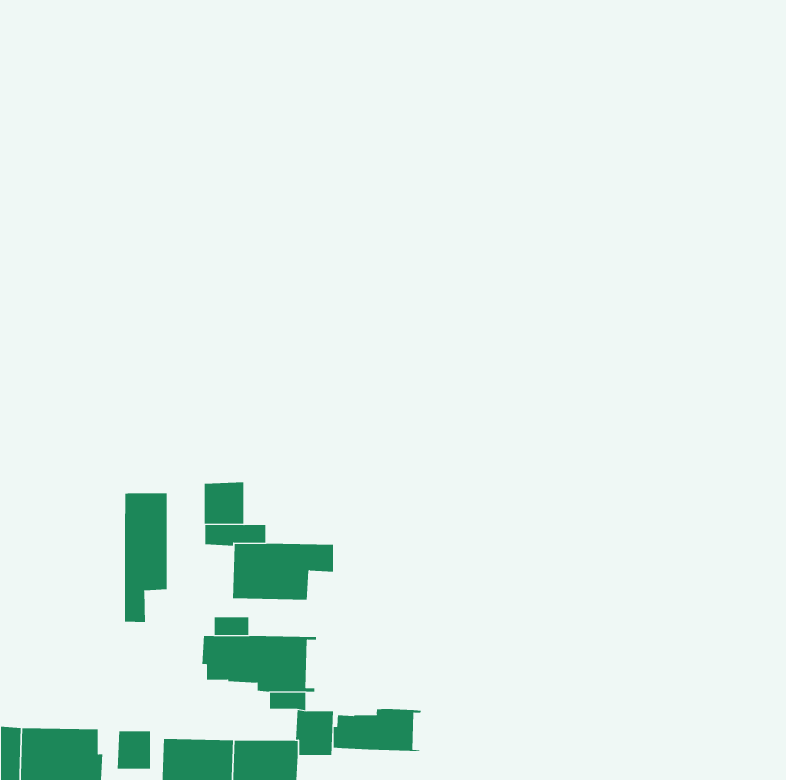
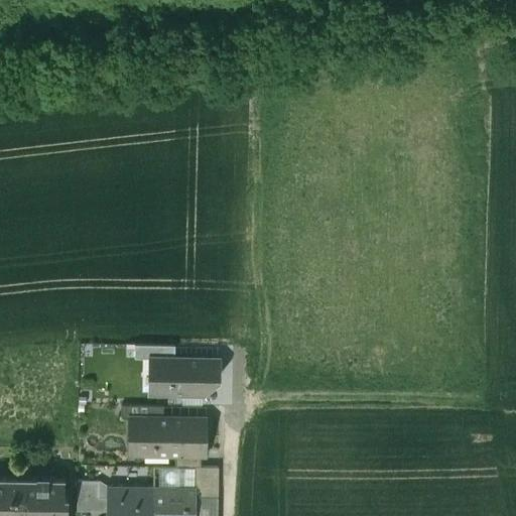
building: [204,481,244,525] -> none
building: [124,492,167,623] -> none
building: [333,708,421,752] -> none

